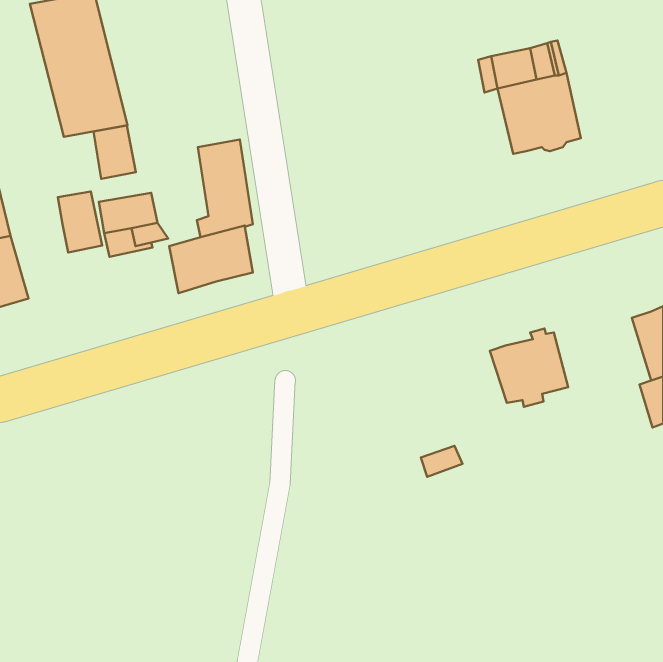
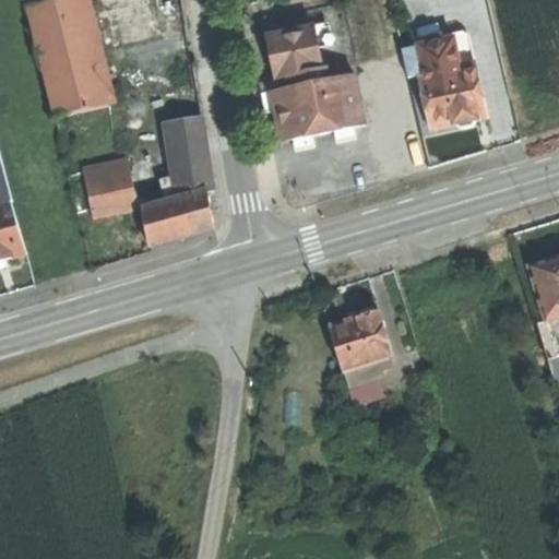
building: none -> [265,24,364,136]
building: [93,125,136,179] -> none
building: [58,192,102,253] -> none
building: [490,329,568,407] -> [328,307,393,372]

